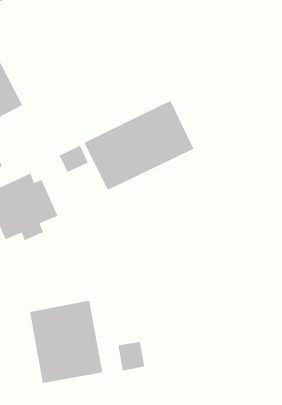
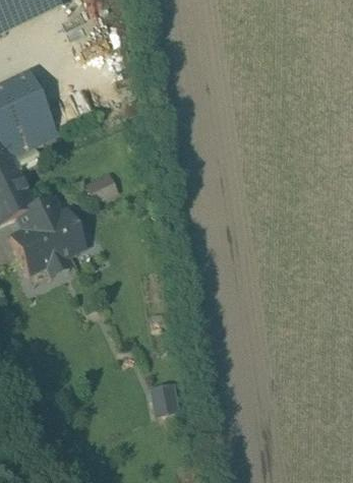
building: [83,100,194,191] -> none
building: [29,300,103,384] -> none

